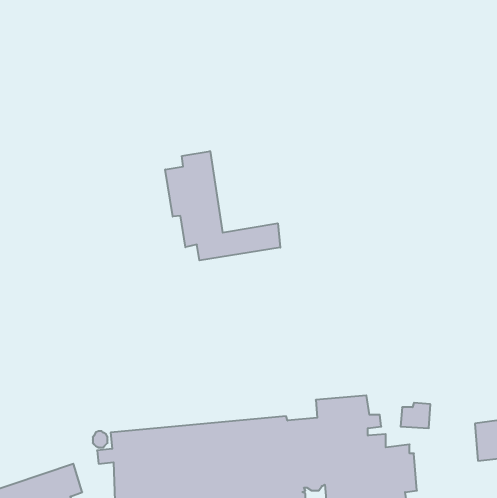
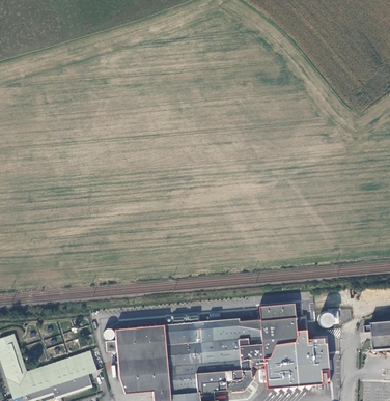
building: [165,151,280,260] -> none

